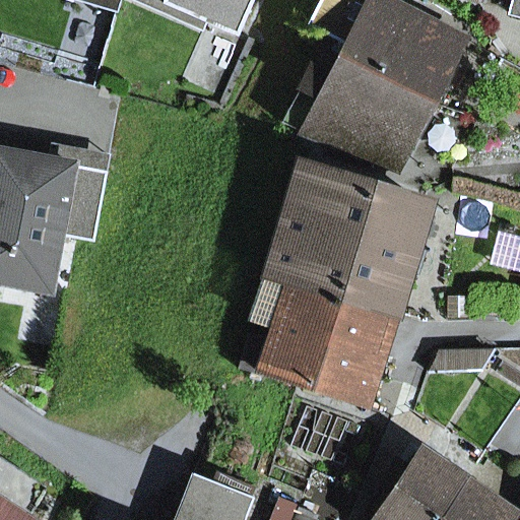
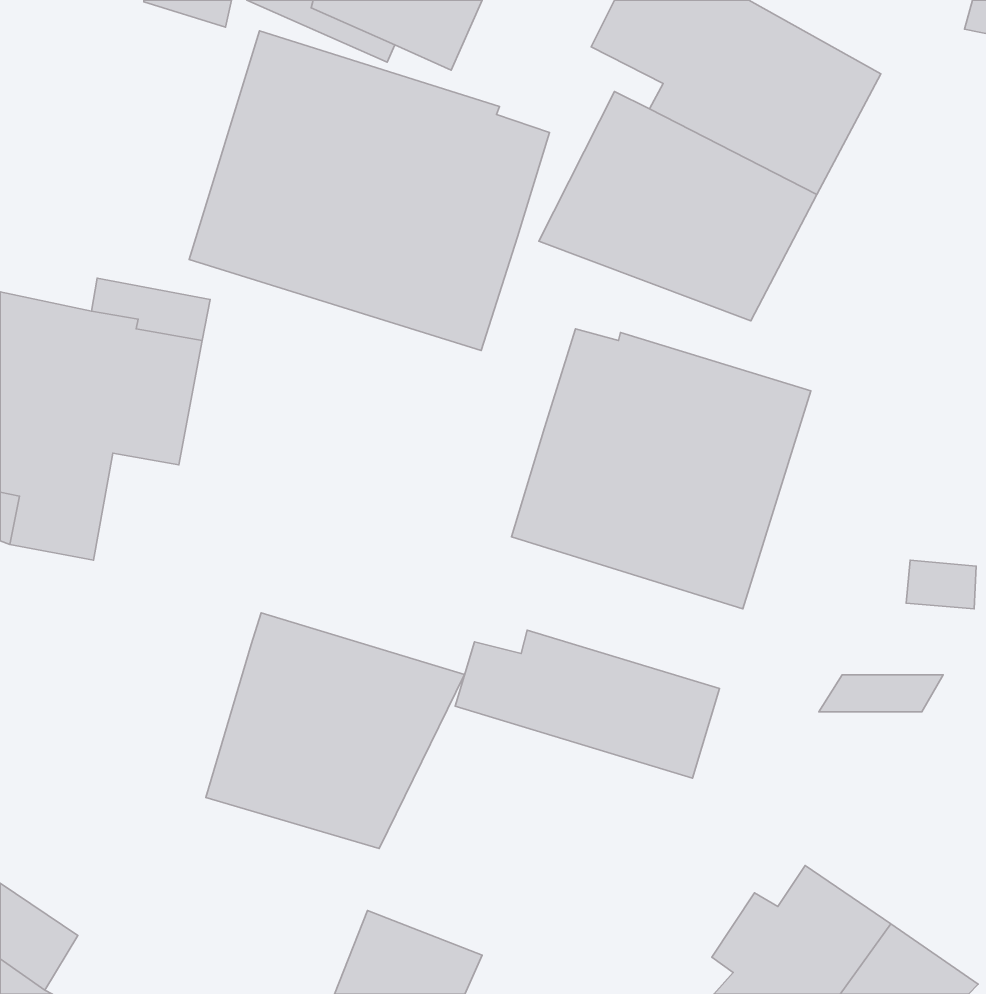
building: none -> [189,31,549,350]
building: [266,280,392,360] -> none
building: none -> [206,613,465,848]

